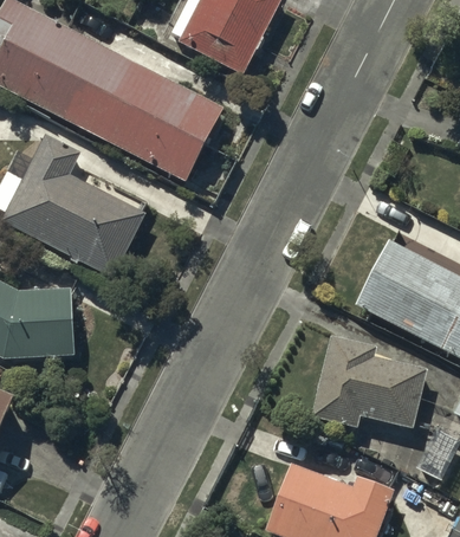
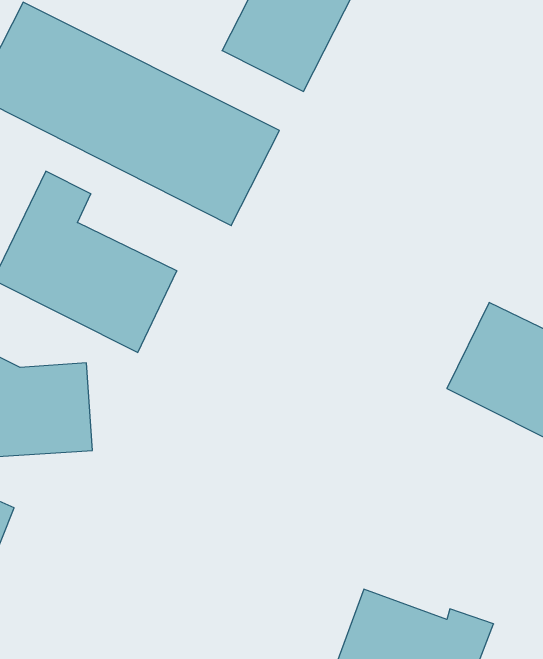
building: [310,335,425,427] -> none

